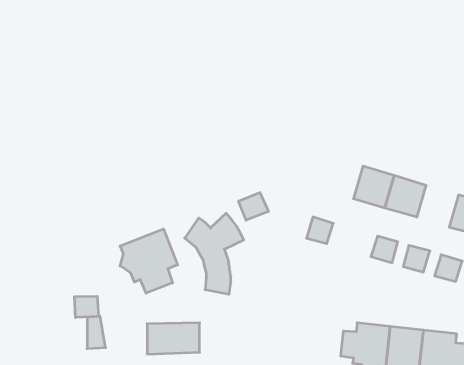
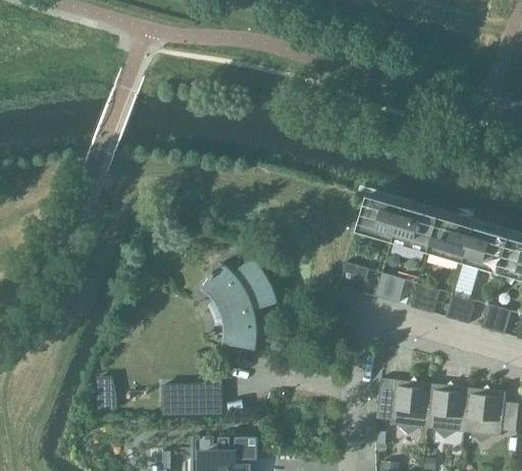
building: none -> [357,197,403,243]
building: none -> [463,228,509,274]
building: [239,193,268,220] -> none
building: none -> [377,273,407,304]
building: [120,229,178,293] -> none
building: [75,296,99,318] -> none

